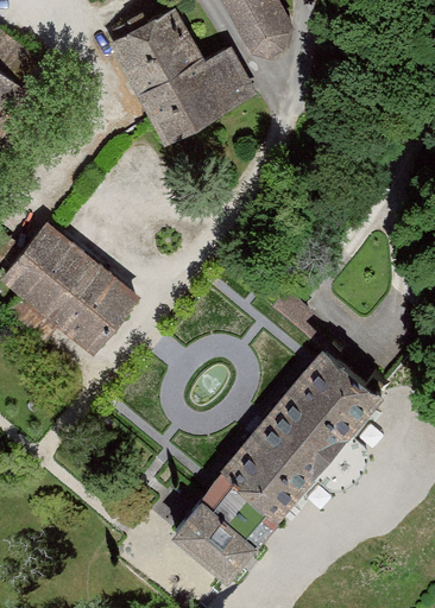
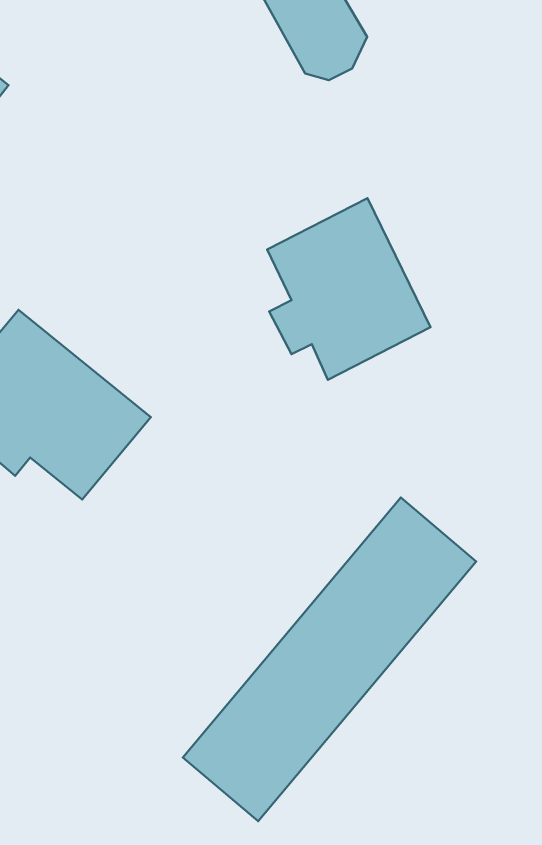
building: [111,11,258,144] -> none
building: none -> [267,198,431,380]

